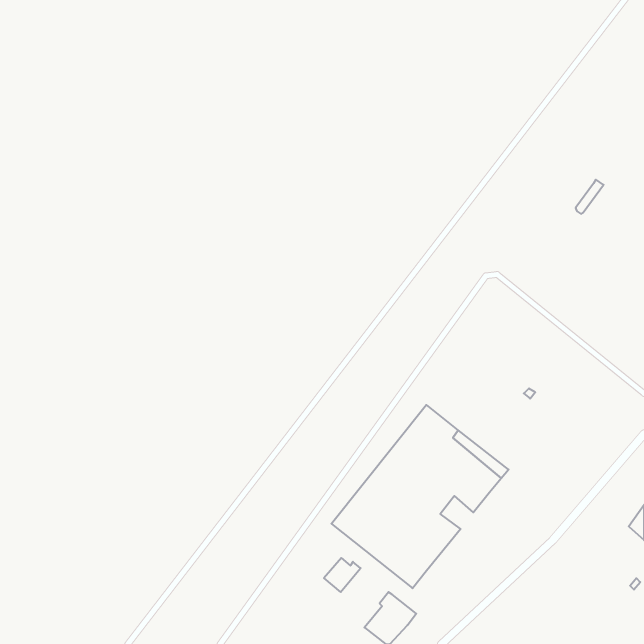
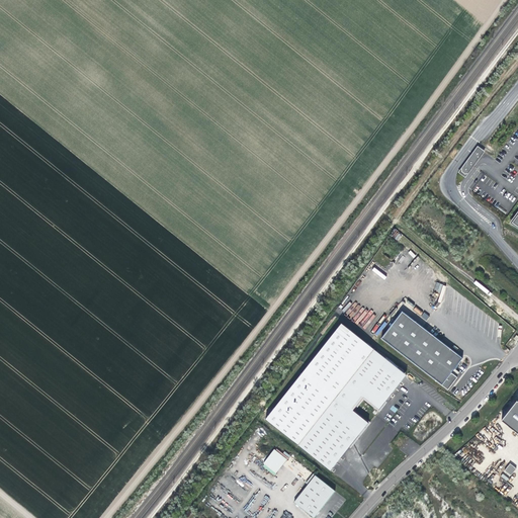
building: none -> [380,311,462,388]

